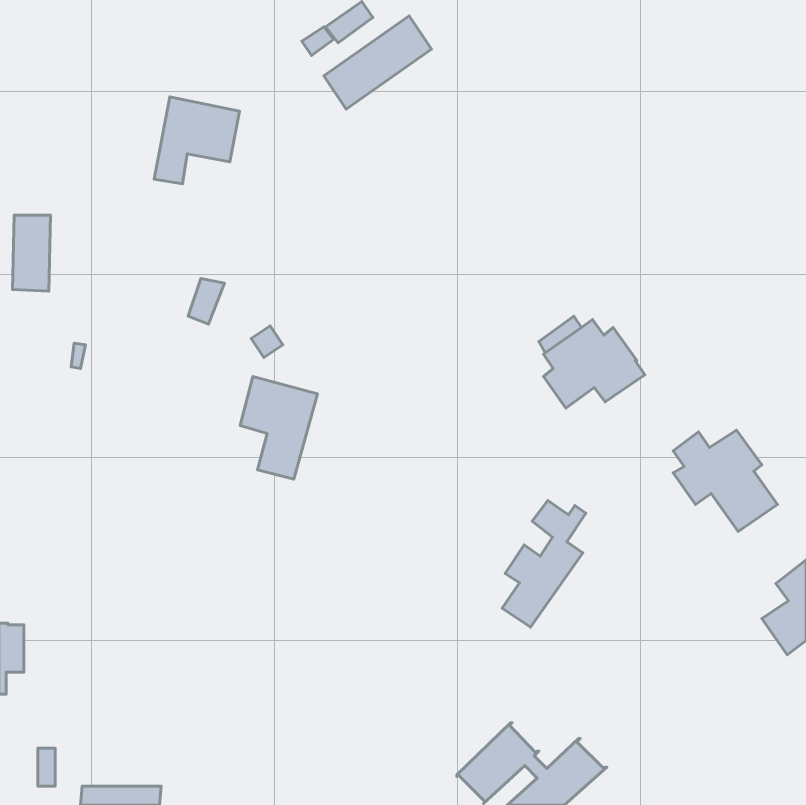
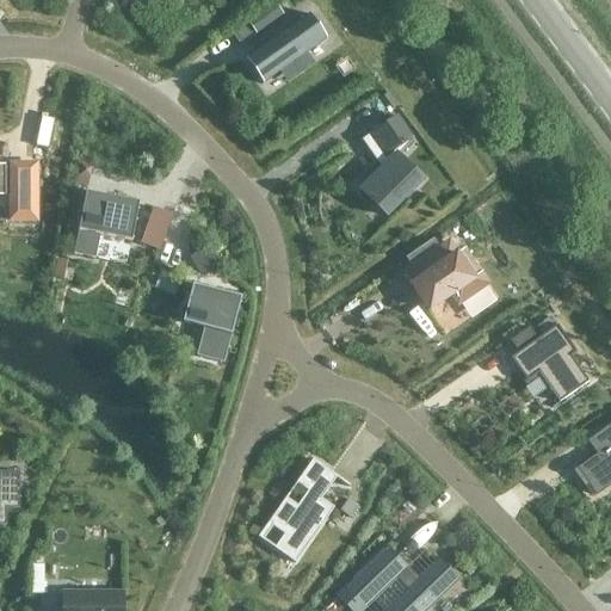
building: [154,97,239,184] -> [73,191,137,257]
building: none -> [364,115,425,216]
building: [502,501,586,627] -> [272,467,335,562]

